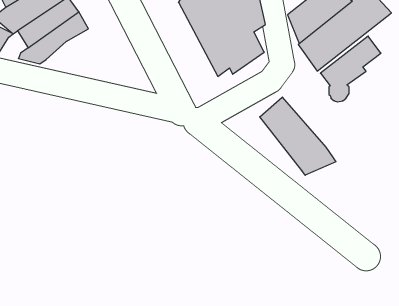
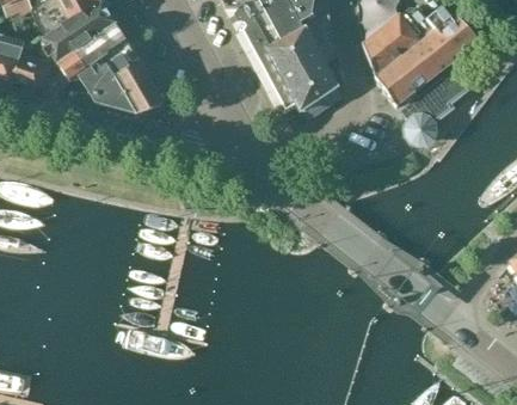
building: none -> [91,59,165,112]
building: [260,97,336,175] -> none

